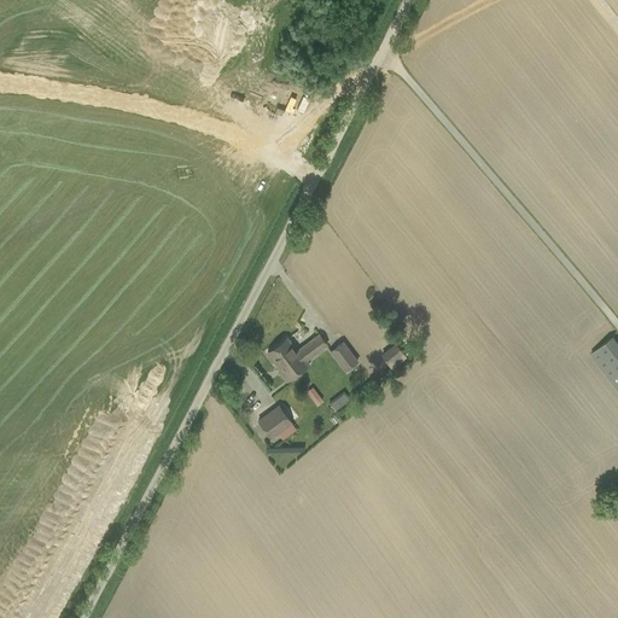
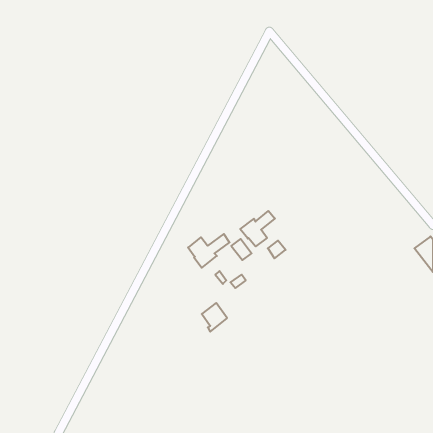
building: none -> [240,211,275,246]
building: [258,406,295,447] -> [202,303,227,332]

